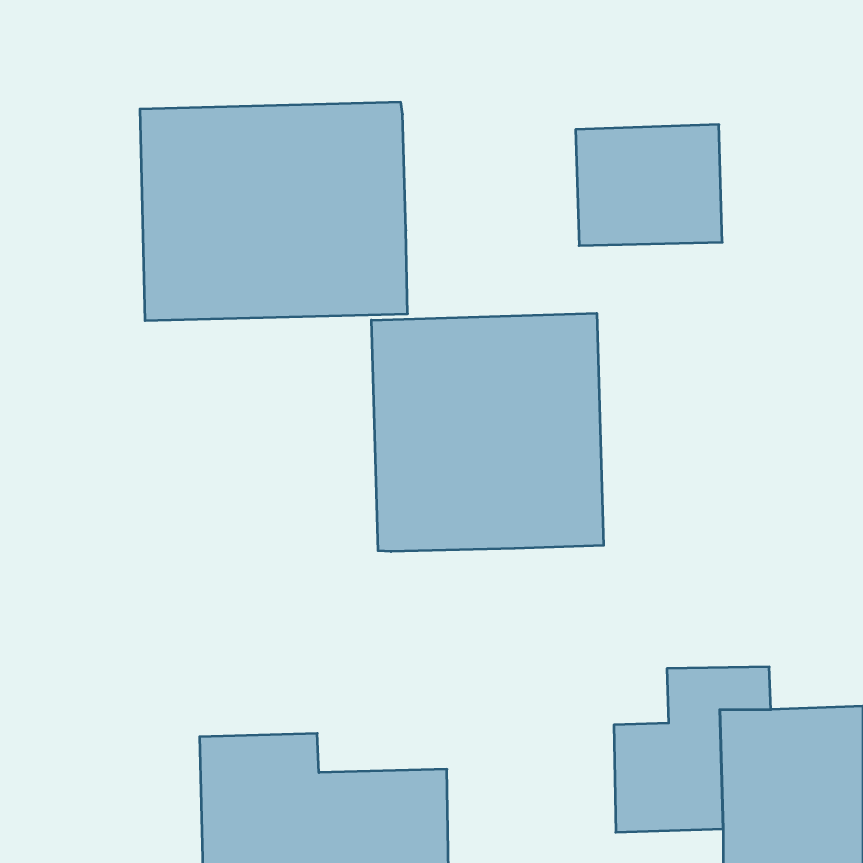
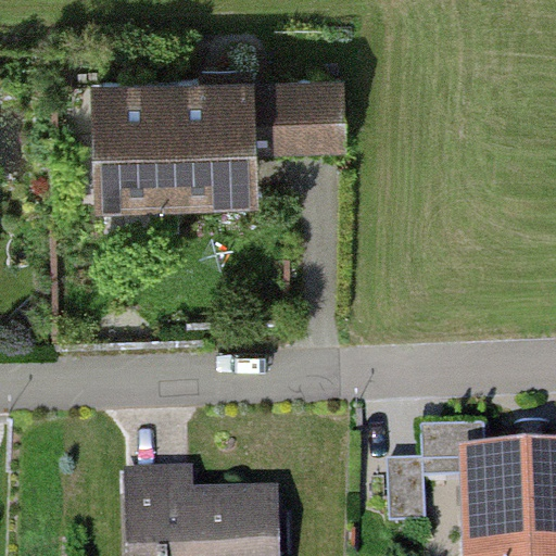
building: [576,125,722,246] -> [256,75,350,152]
building: [371,313,604,552] -> none

